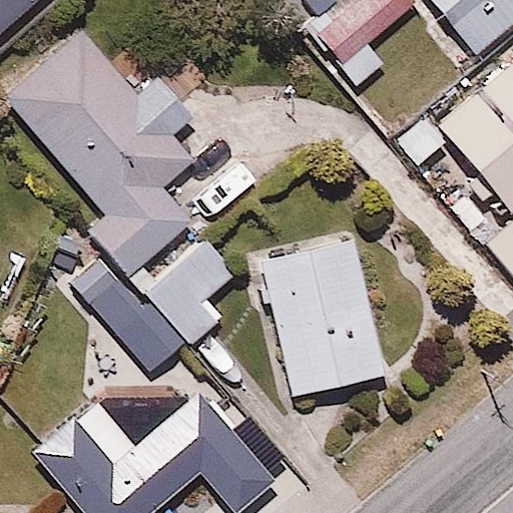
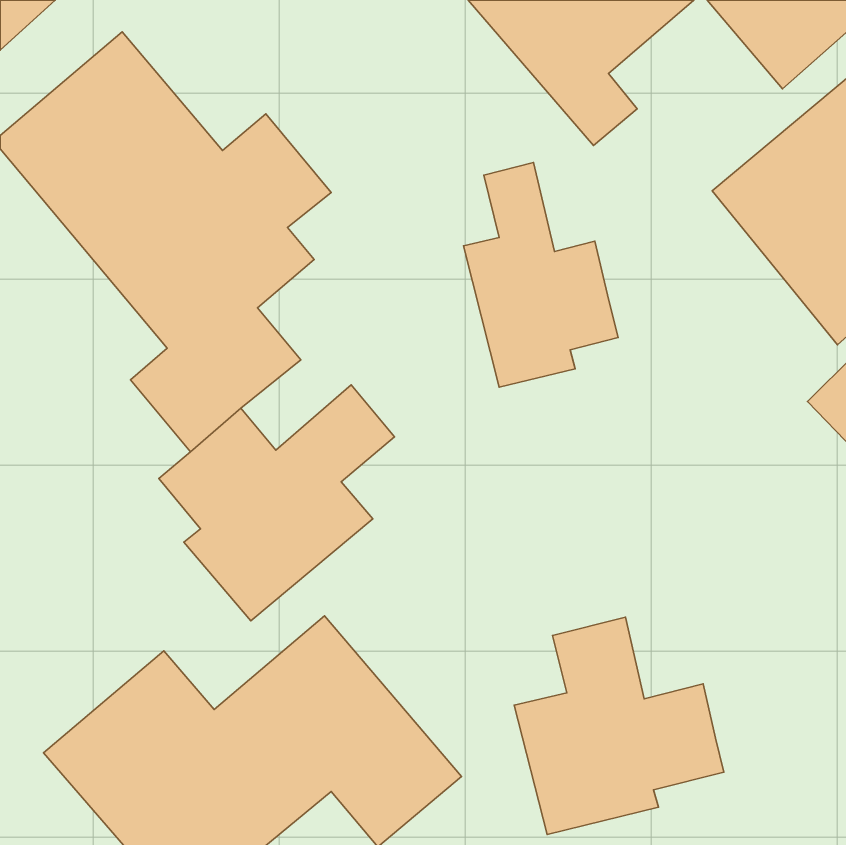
building: none -> [463,163,618,387]
building: [253,229,389,394] -> none
building: none -> [514,617,724,835]

